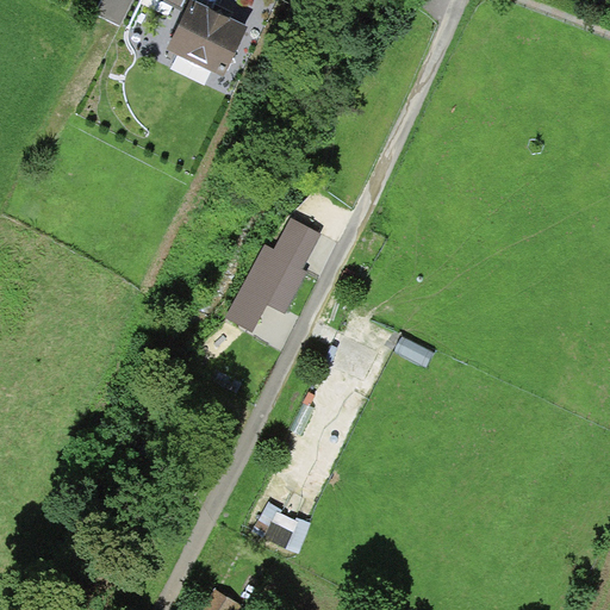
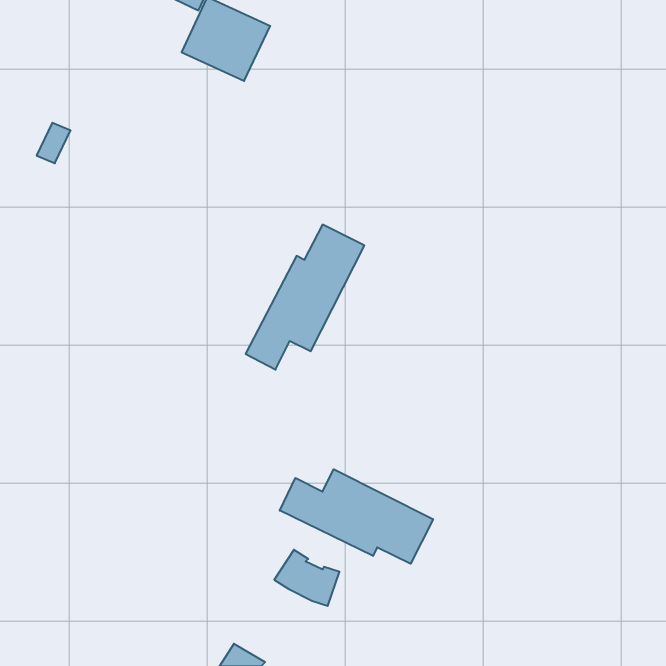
building: none -> [280,469,433,564]

